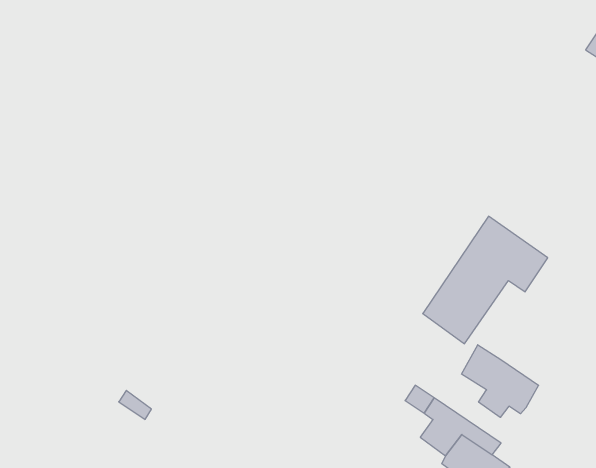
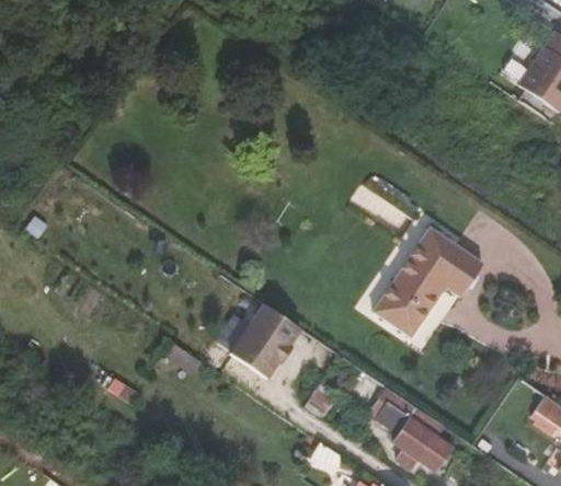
building: none -> [229,302,299,377]
building: [462,345,539,417] -> none

